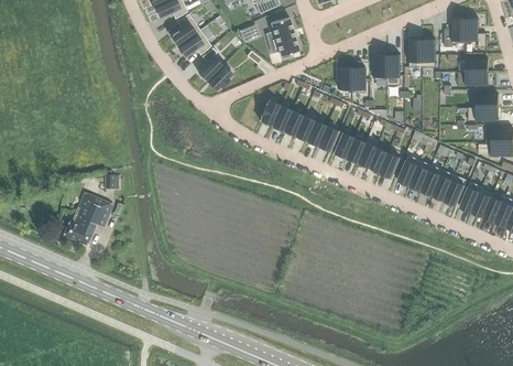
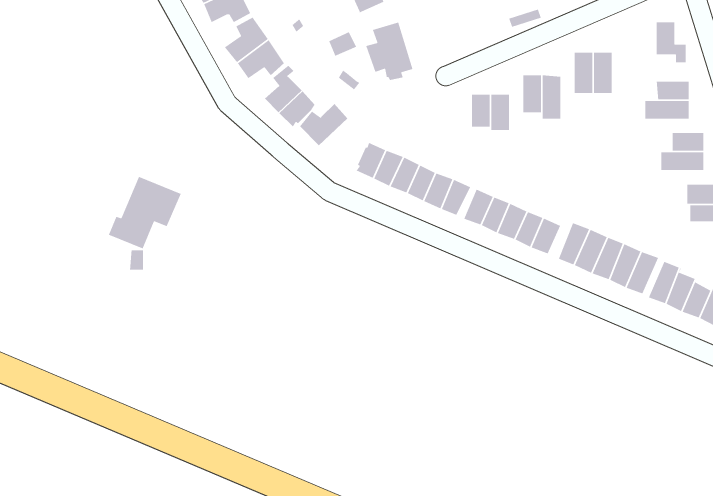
building: [444,18,466,46] -> none
building: none -> [299,103,348,146]
building: [63,193,113,244] -> [108,176,182,250]

